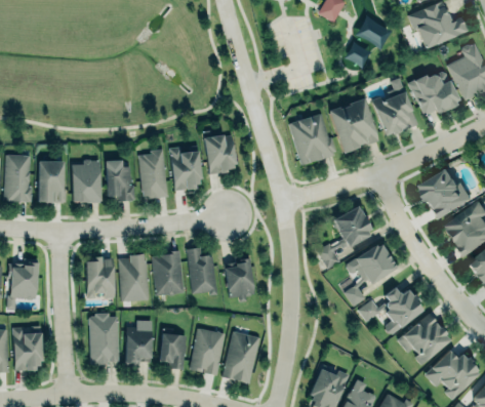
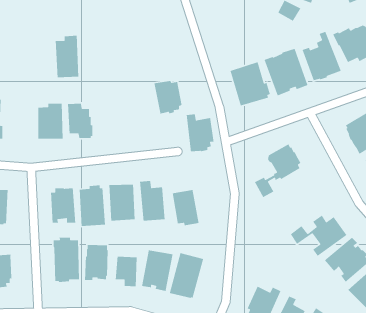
building: [169,146,202,190] -> [186,114,215,152]
building: [138,149,166,198] -> [55,35,79,78]
building: [37,160,66,203] -> none
building: [345,244,396,306] -> none

